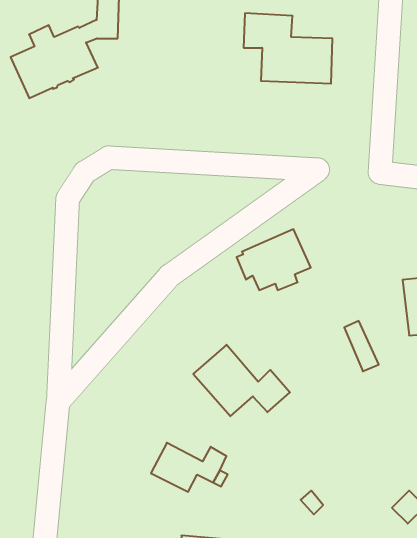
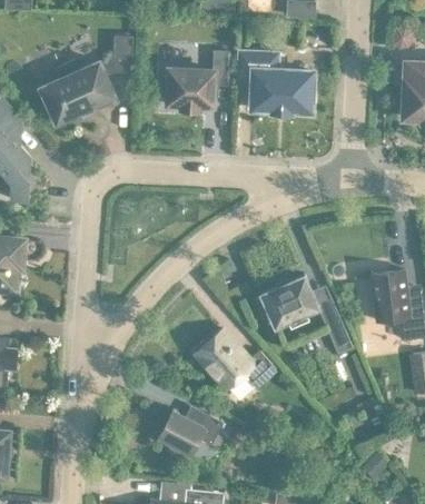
building: none -> [161,52,228,111]
building: [237,229,311,290] -> [256,276,318,327]

